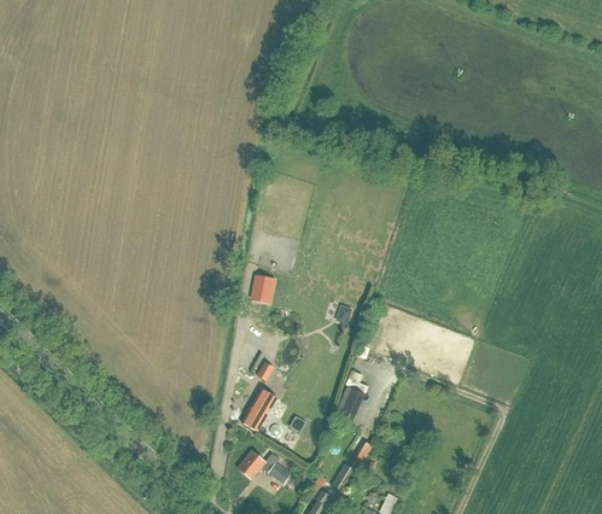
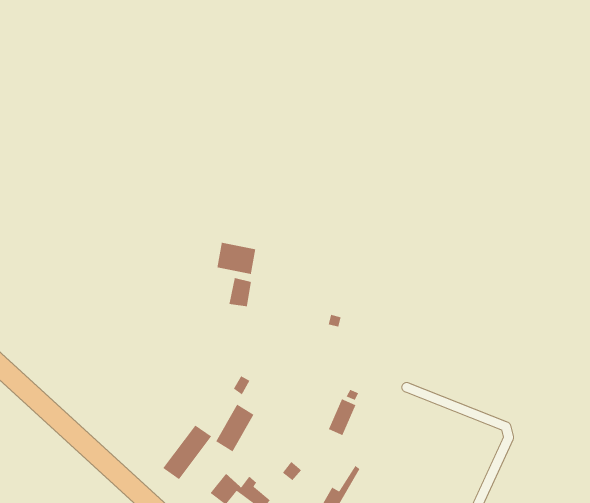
building: none -> [216,242,256,275]
building: none -> [162,424,212,480]

